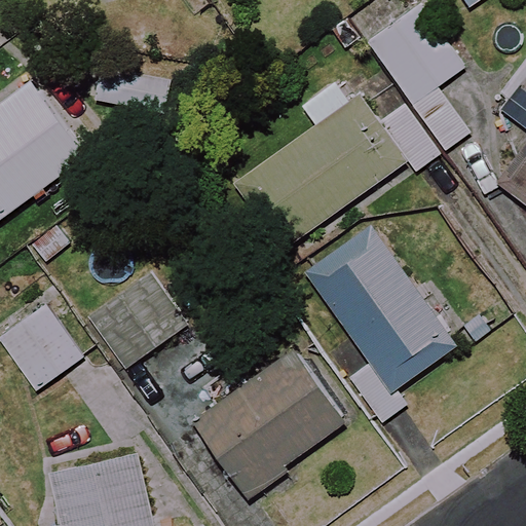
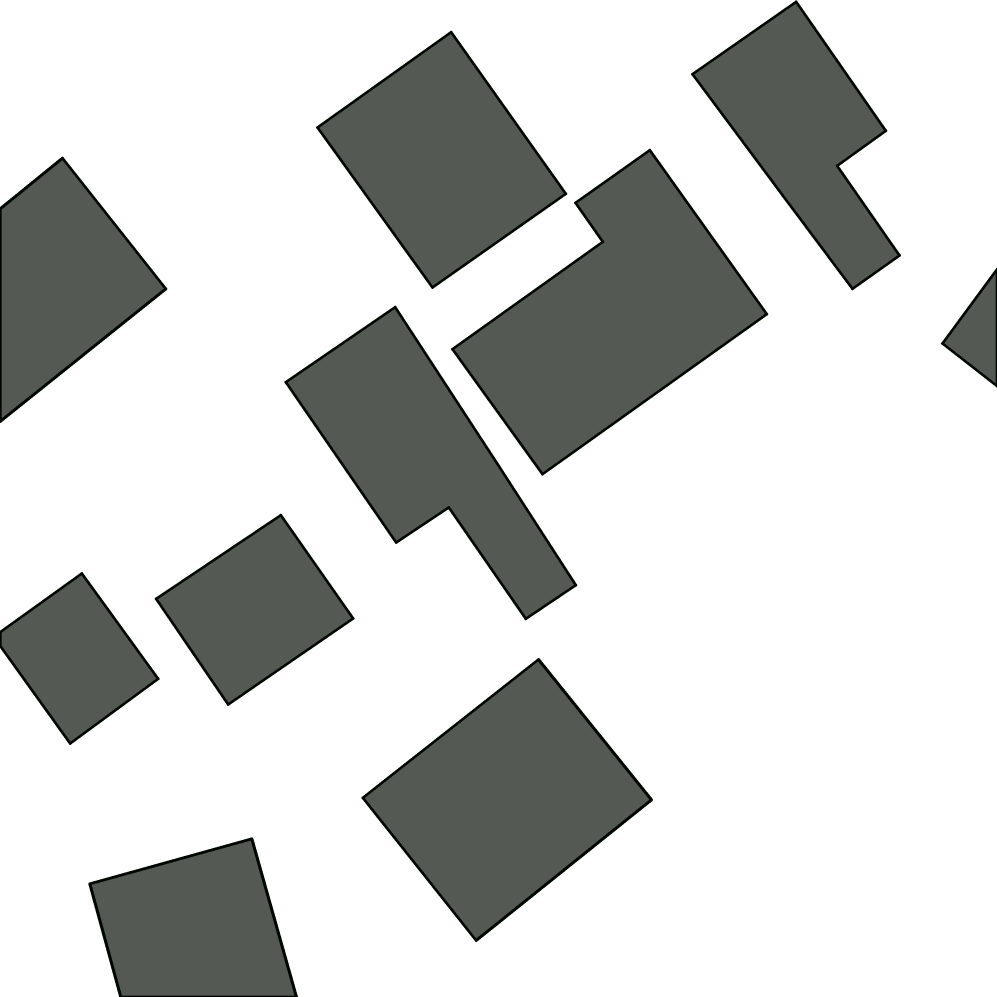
building: none -> [317,32,566,288]
building: none -> [286,307,576,619]
building: [308,227,456,422] -> none

